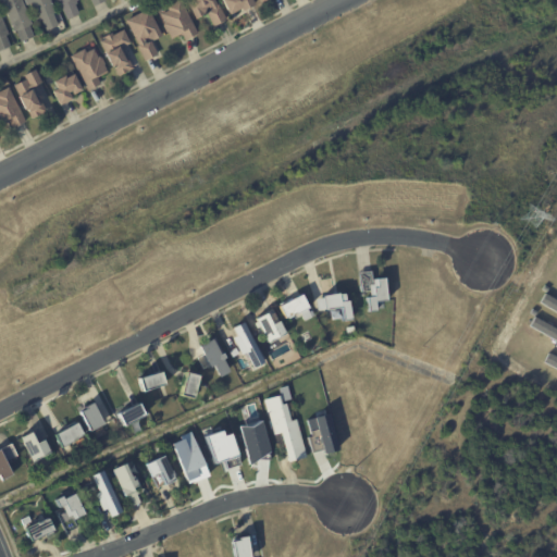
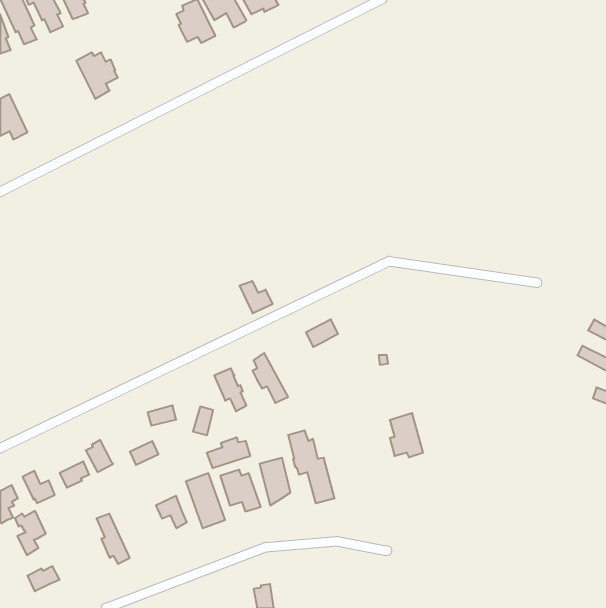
building: [127,8,163,60] -> none
building: [102,28,135,75] -> none
building: [15,69,49,119] -> none
building: [53,73,84,104] -> none
building: [368,278,387,311] -> none
building: [315,294,352,321] -> none
building: [255,311,285,341] -> [239,281,273,313]
building: none -> [207,437,250,468]
building: [307,411,337,451] -> [390,413,423,457]
building: [111,461,143,507] -> none
building: [57,492,85,532] -> [15,511,46,555]

